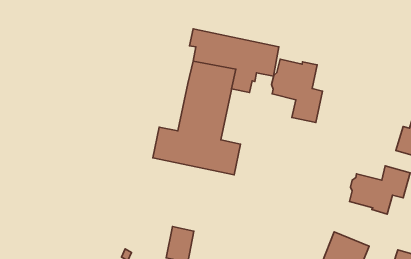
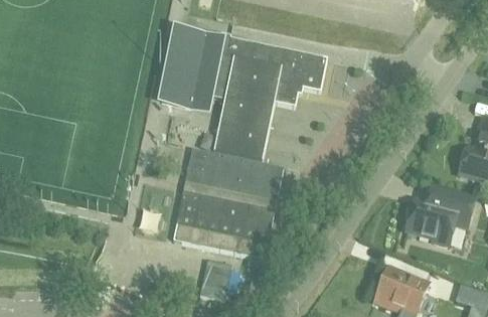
building: none -> [157,25,233,114]
building: [272,59,322,123] -> none
building: none -> [173,189,275,258]

